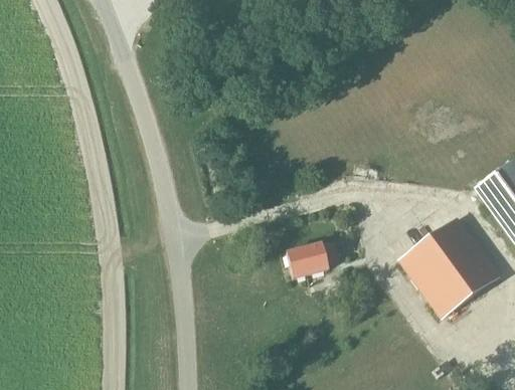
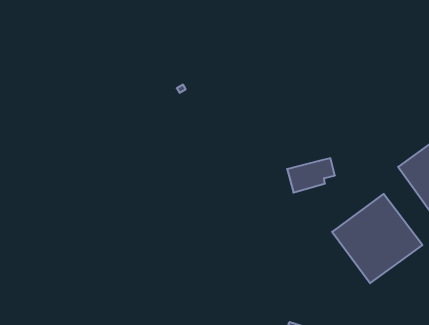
building: [287,238,340,276] -> [287,158,335,193]

